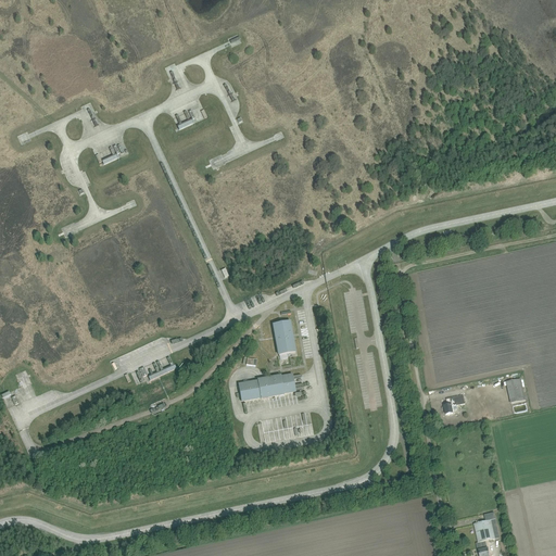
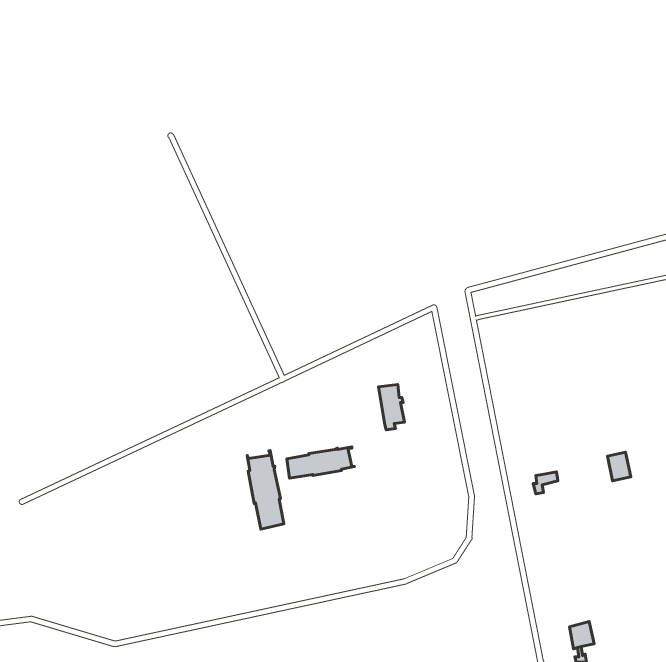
building: [274,319,295,357] -> [378,384,404,430]
building: none -> [247,450,284,529]

